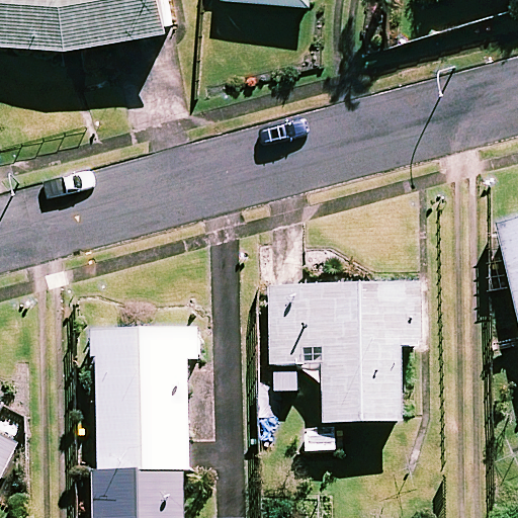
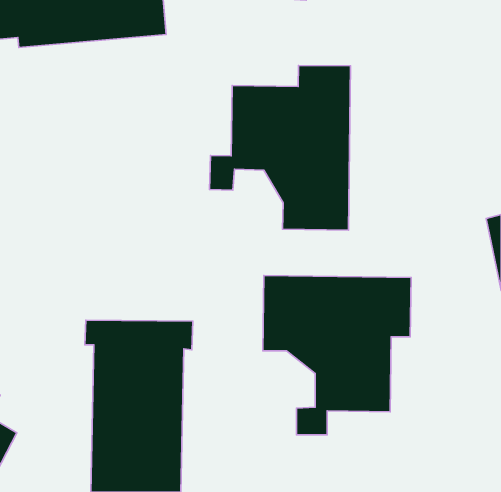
building: none -> [210,65,351,230]

